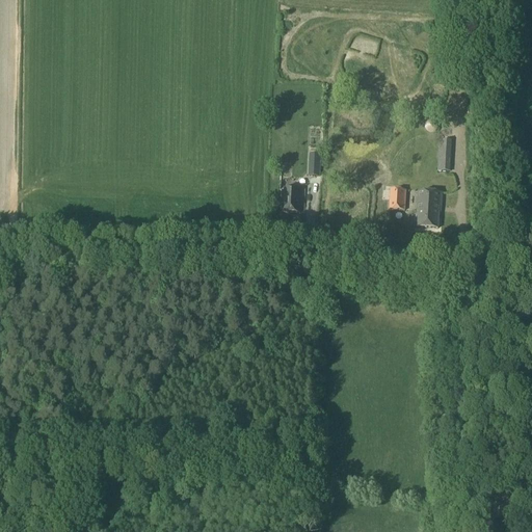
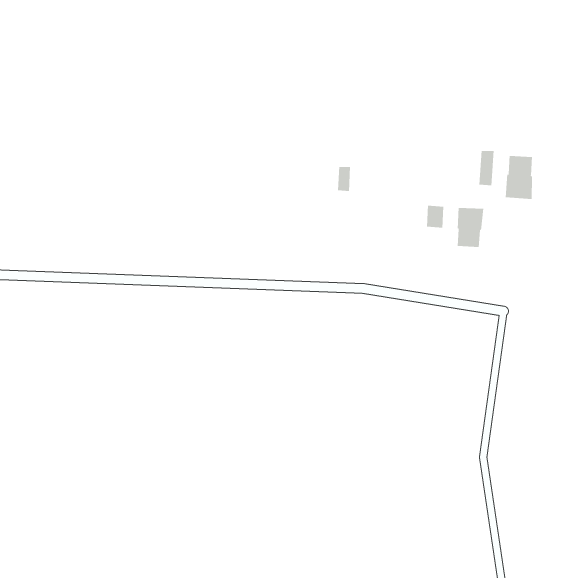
building: none -> [505,155,533,200]
building: [284,186,301,210] -> none

